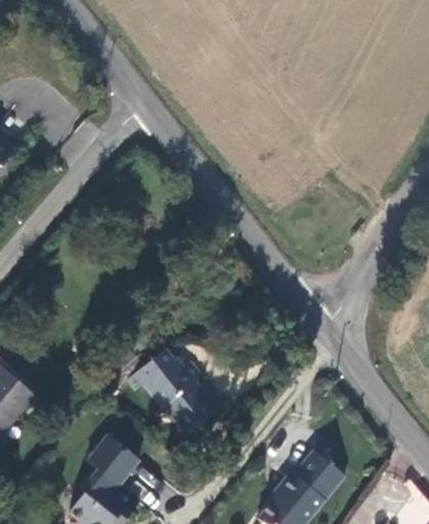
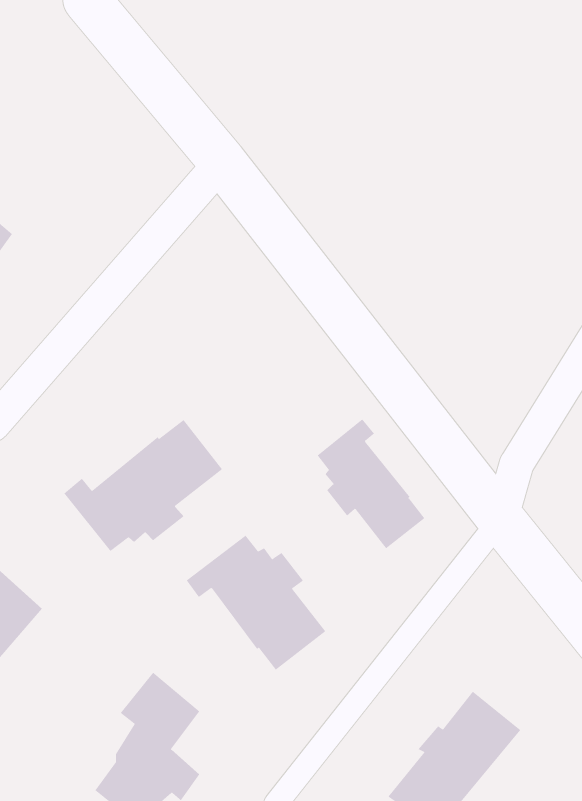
building: none -> [317,419,425,549]
building: none -> [64,419,223,552]

